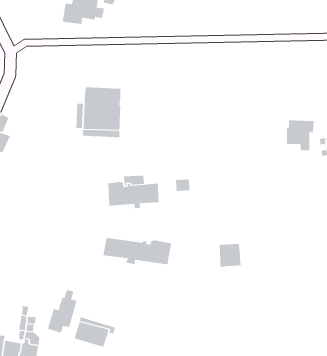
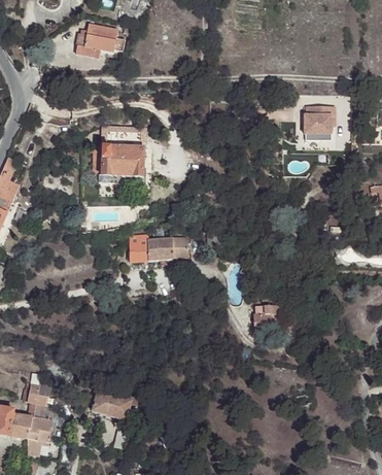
building: [286,120,315,151] -> [305,104,337,139]
building: [103,237,171,265] -> none
building: [47,289,77,333] -> none

